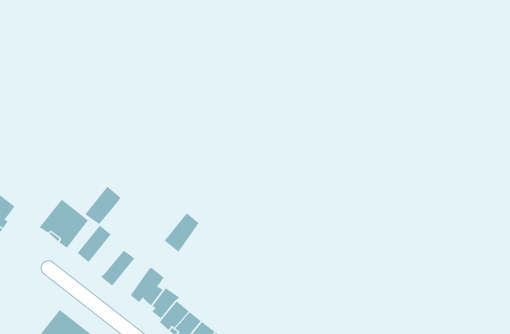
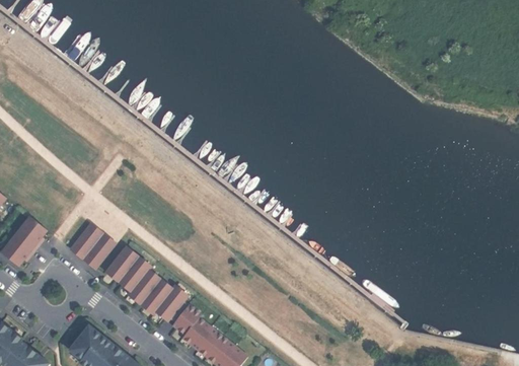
building: [84,186,121,225] -> [116,255,150,292]
building: [164,212,199,252] -> [138,278,171,315]

